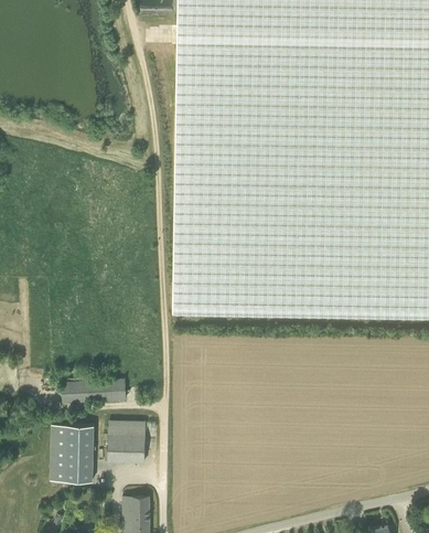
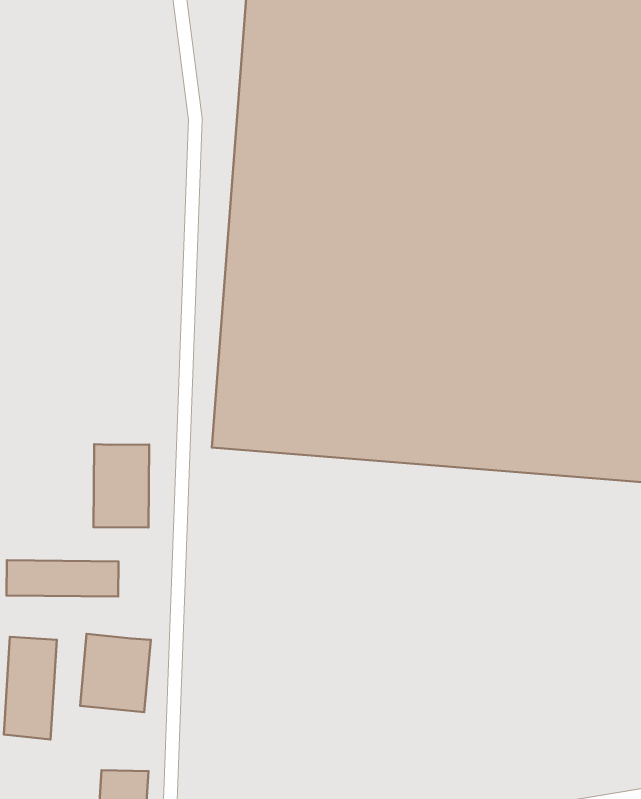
building: none -> [93,444,149,528]

